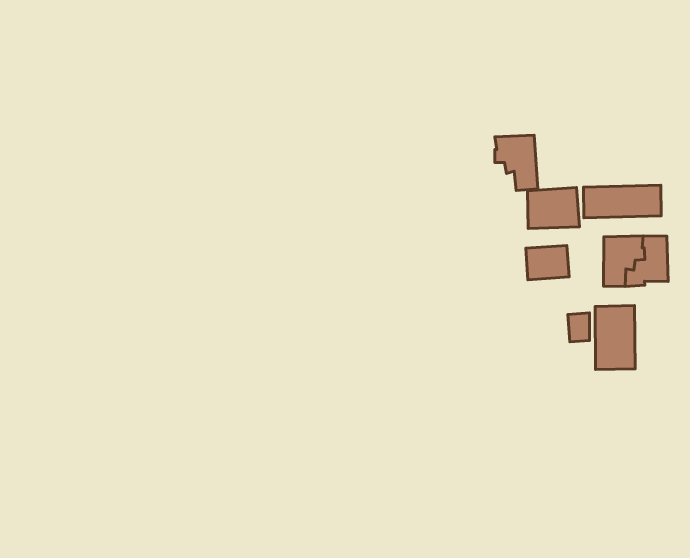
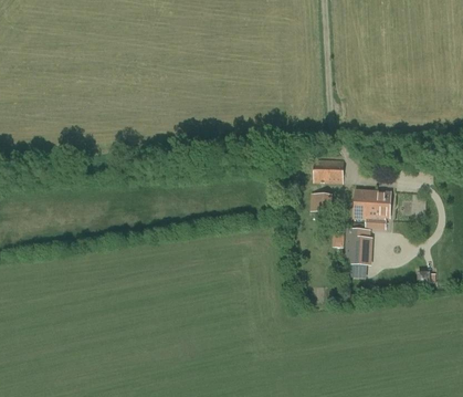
building: [495,135,538,191] -> none
building: [583,185,661,218] -> none

